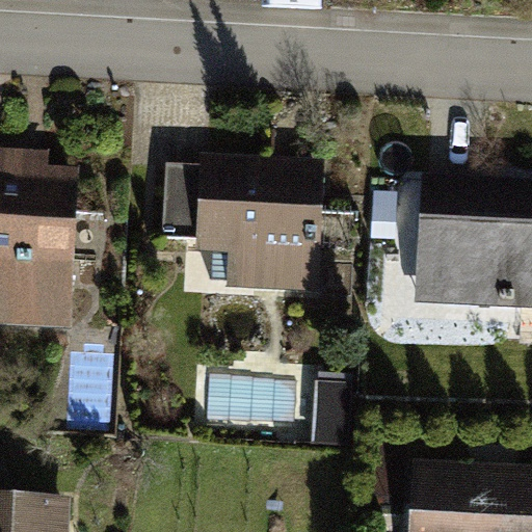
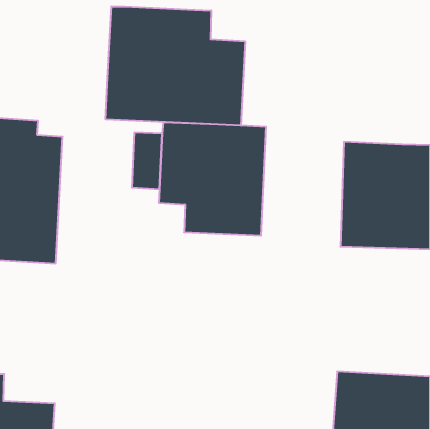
building: none -> [106,6,245,126]

